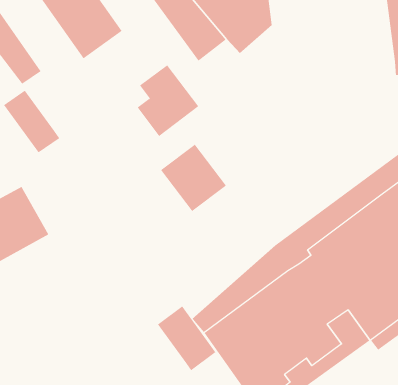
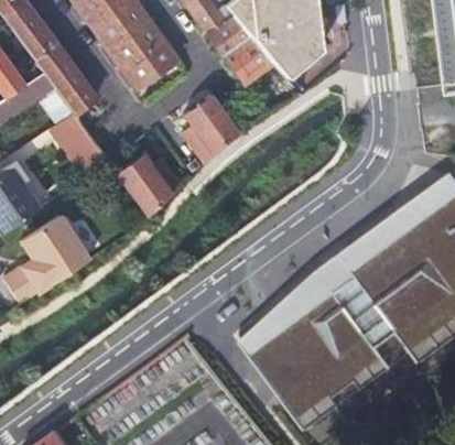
building: [160,144,227,212] -> [119,143,186,211]
building: [157,306,216,371] -> none

